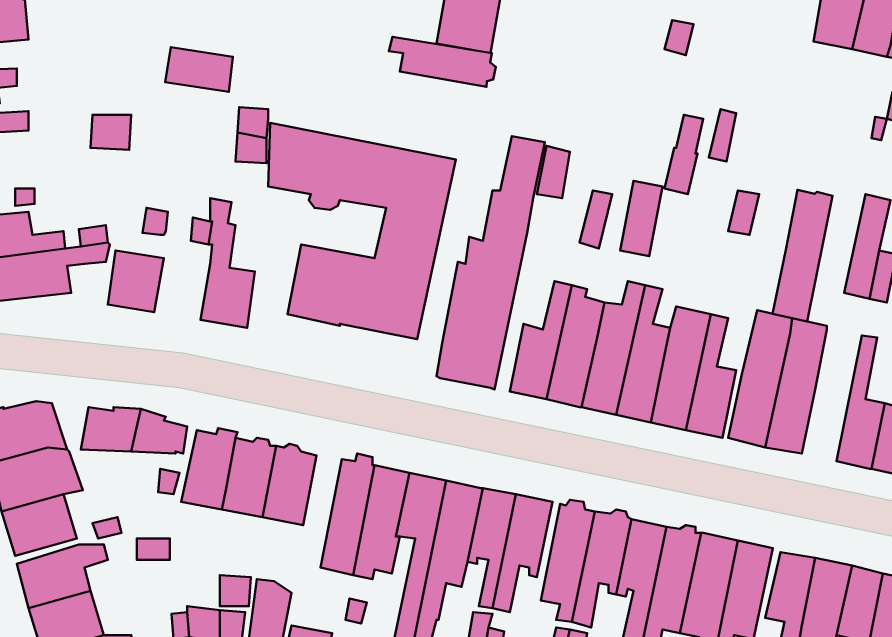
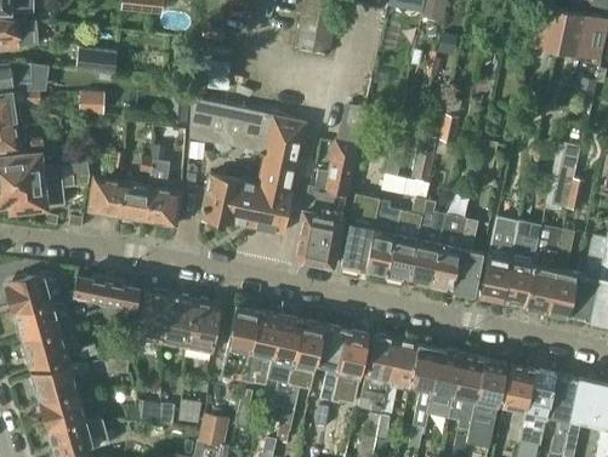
building: [389,37,496,87] -> none
building: [165,47,233,92] -> [75,47,118,75]
building: [772,190,832,321] -> [524,228,562,310]
building: none -> [118,183,153,222]

